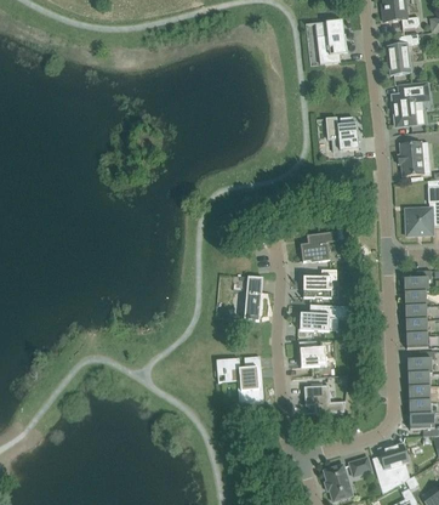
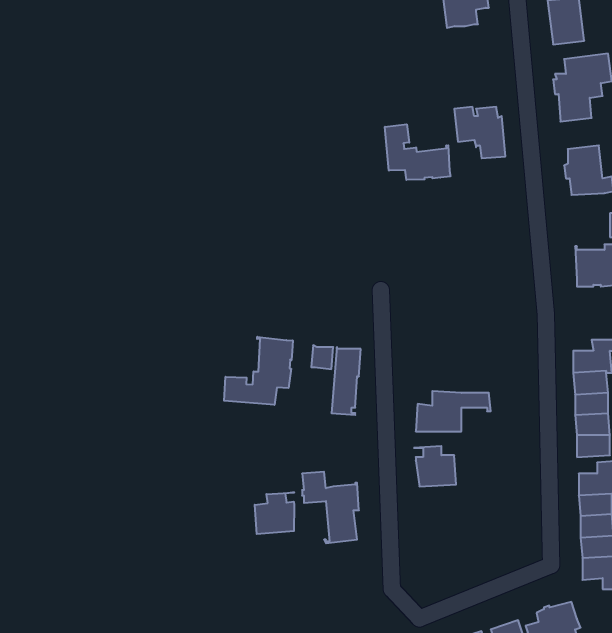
building: none -> [385,124,450,180]
building: [300,229,343,261] -> none
building: none -> [224,337,293,405]
building: [302,269,336,297] -> none
building: none -> [255,492,294,534]
building: [303,385,344,414] -> none

